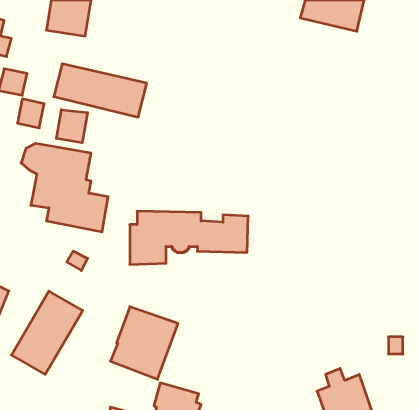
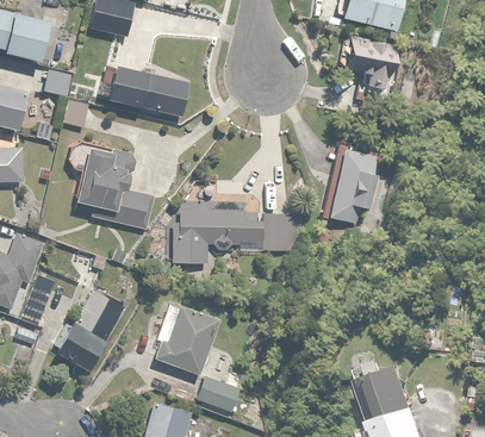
building: none -> [347,38,399,89]
building: [56,110,88,143] -> none
building: none -> [325,148,379,224]

